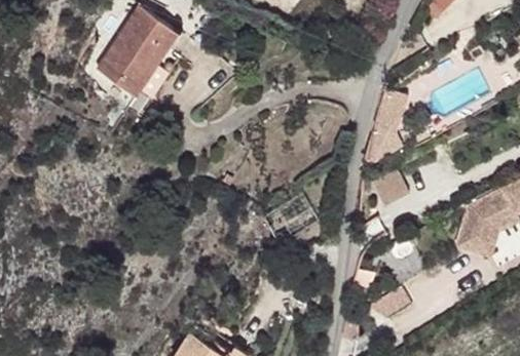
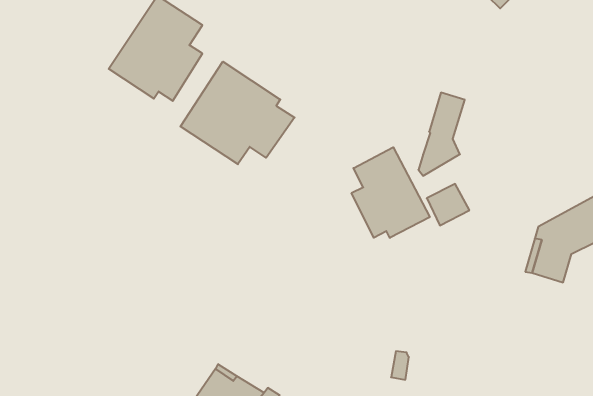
building: none -> [180,62,295,164]
building: none -> [352,147,430,238]

